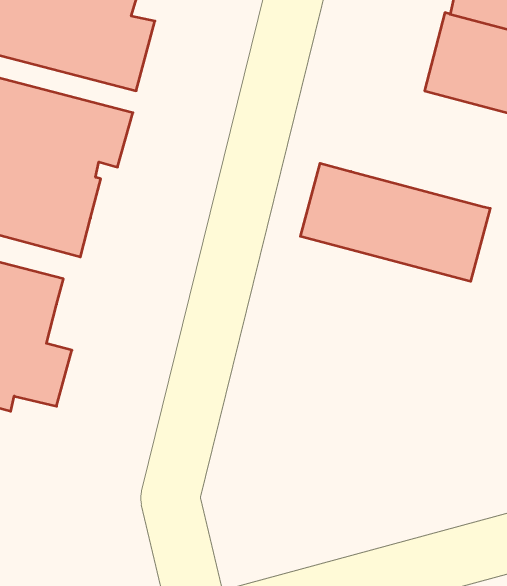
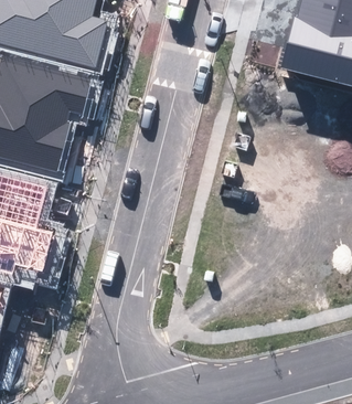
building: [300,163,490,281] -> none

